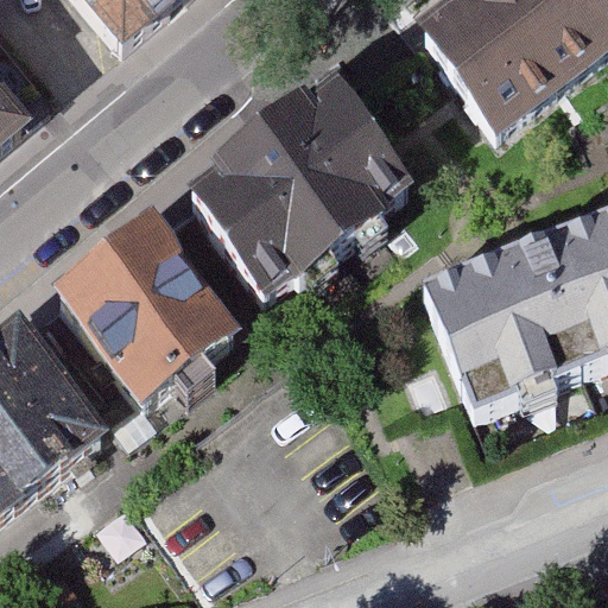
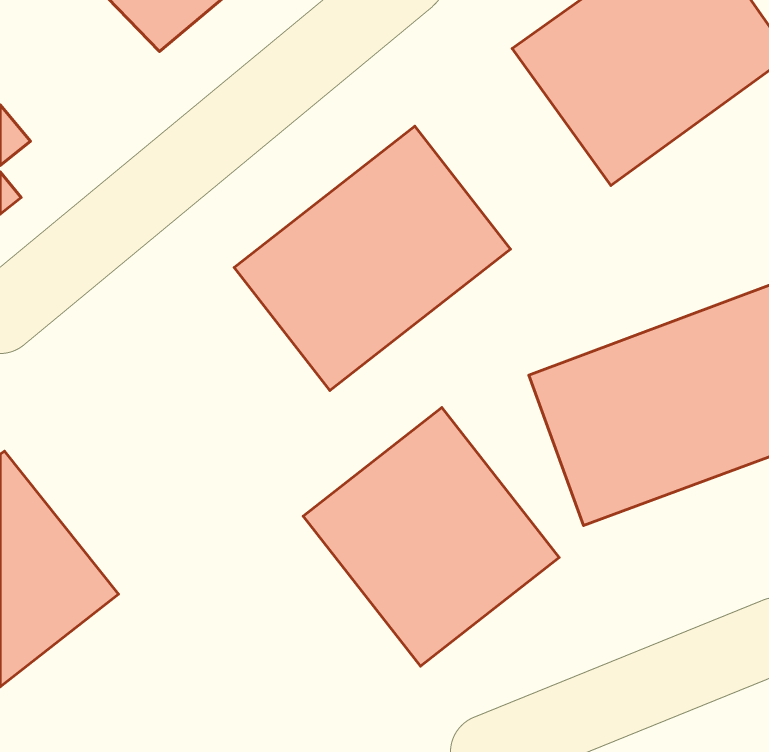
building: [49,242,227,423] -> none
building: none -> [303,407,559,666]

